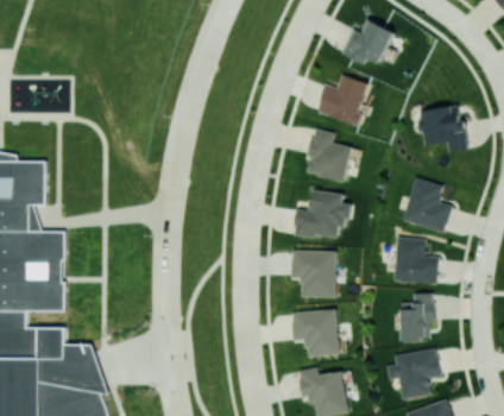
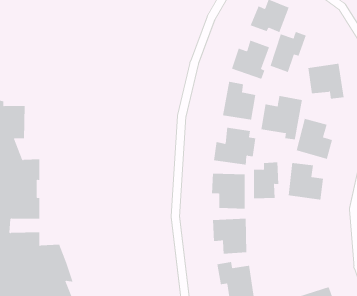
building: none -> [270,31,307,73]
building: none -> [261,95,303,140]
building: [401,292,435,341] -> [253,162,279,199]
building: [386,348,441,398] -> none

